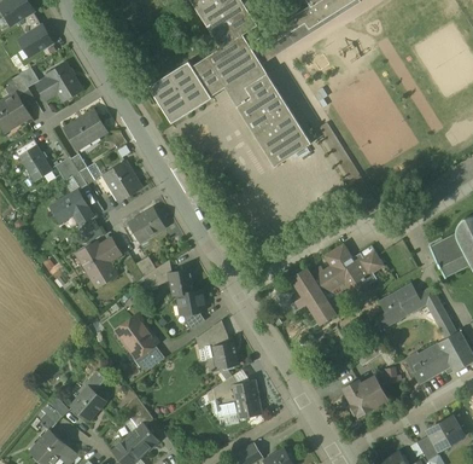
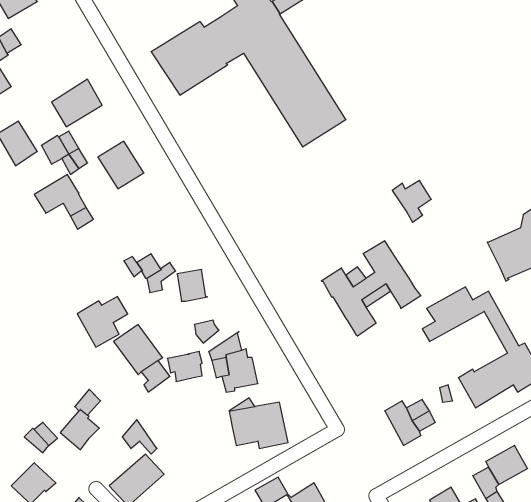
building: [35,62,81,100] -> none
building: [128,208,164,242] -> none
building: [77,238,119,280] -> [77,297,128,347]
building: [351,249,384,284] -> [392,180,431,222]
building: [176,289,205,314] -> [167,351,202,382]

